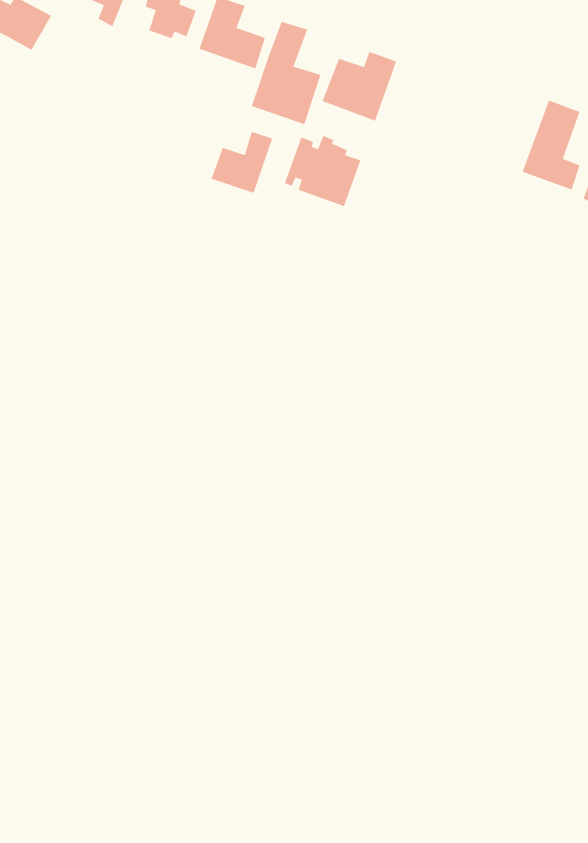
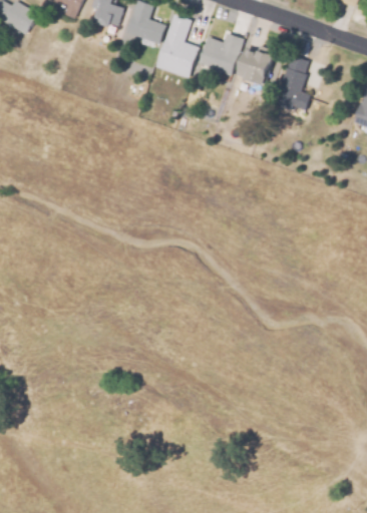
building: [522,100,581,191] -> [275,57,310,111]
building: [210,131,273,194] -> none
building: [284,135,361,207] -> [236,46,282,89]

